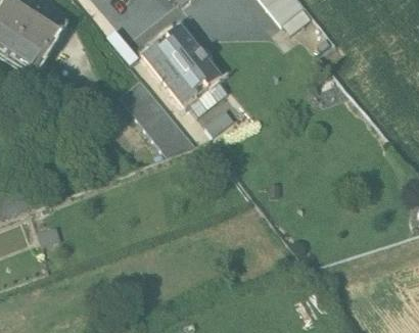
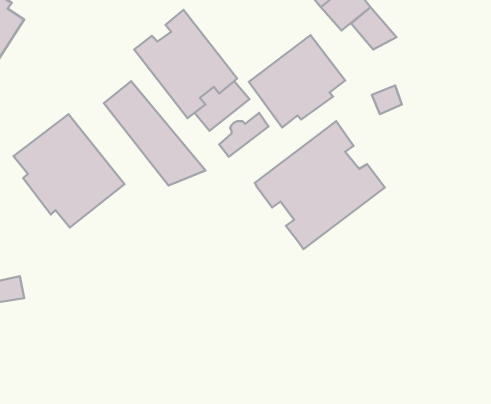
building: none -> [249,35,345,128]
building: none -> [14,114,124,228]
building: none -> [255,121,385,249]

